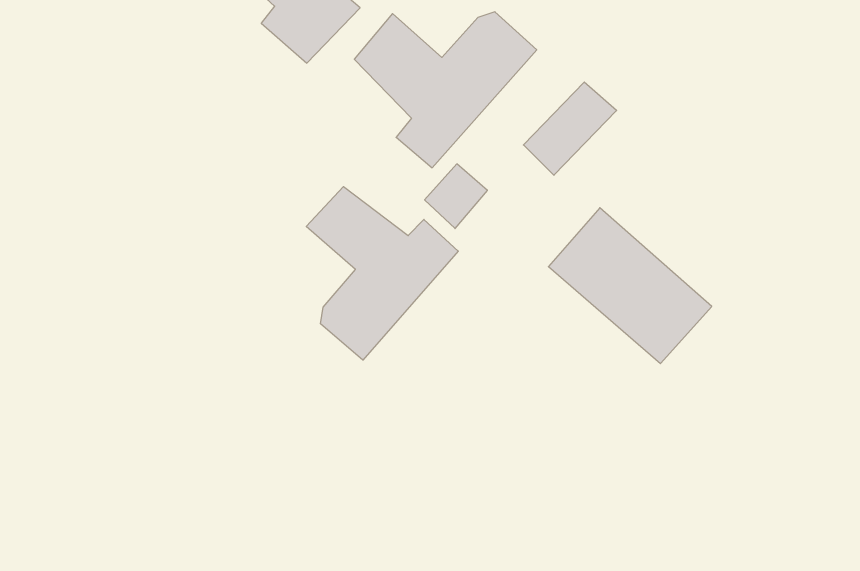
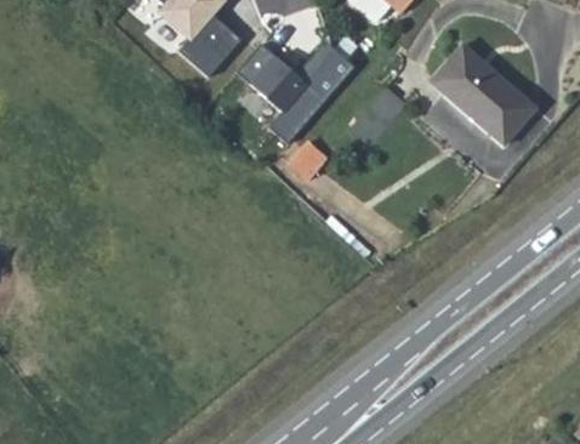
building: [306,187,458,360] -> none
building: [548,208,712,364] -> [432,46,536,146]

